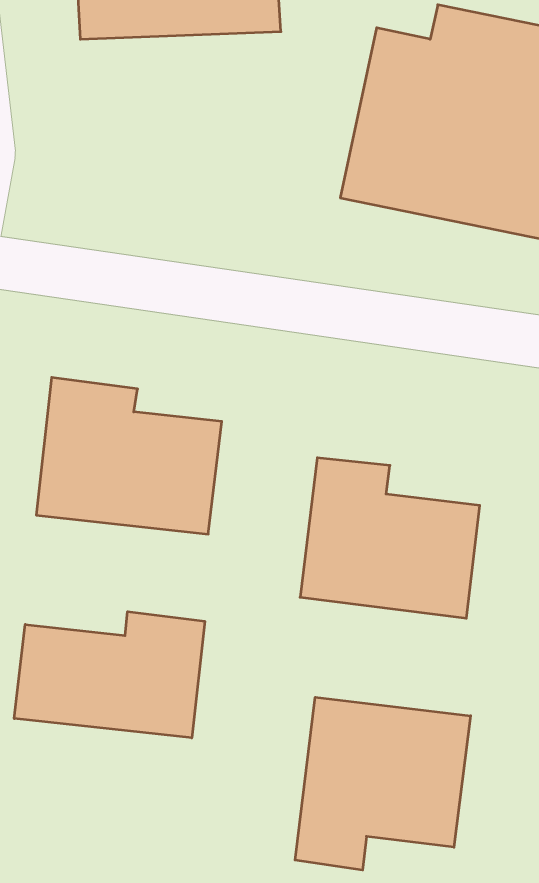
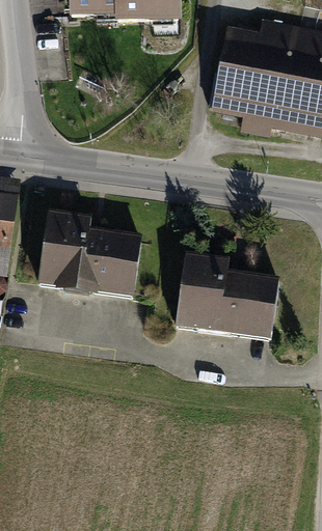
building: [14,612,205,738] -> none
building: [295,697,471,870] -> none

